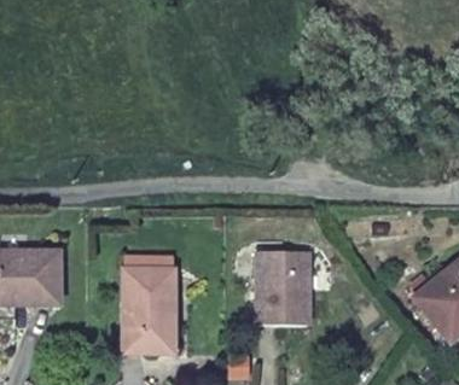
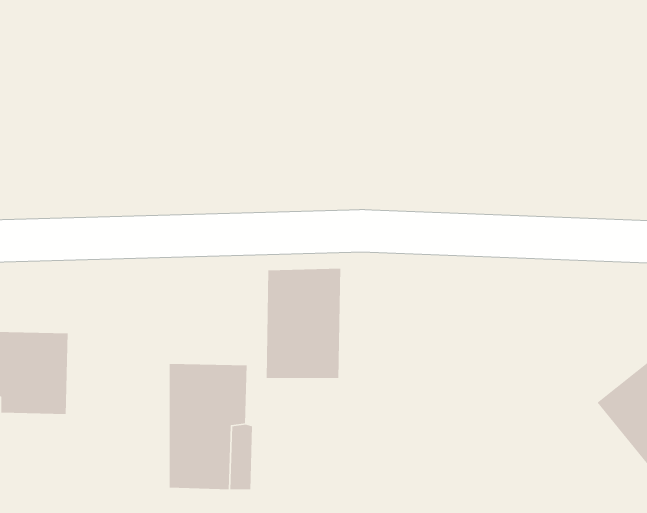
building: [258,252,309,327] -> [266,268,341,379]

